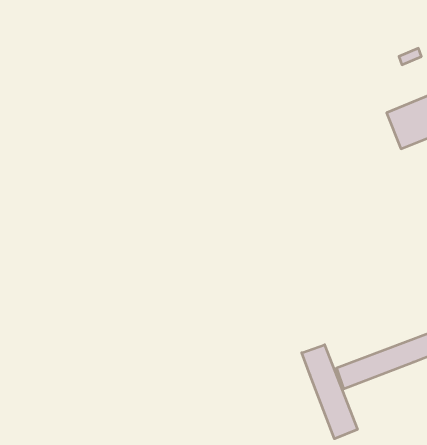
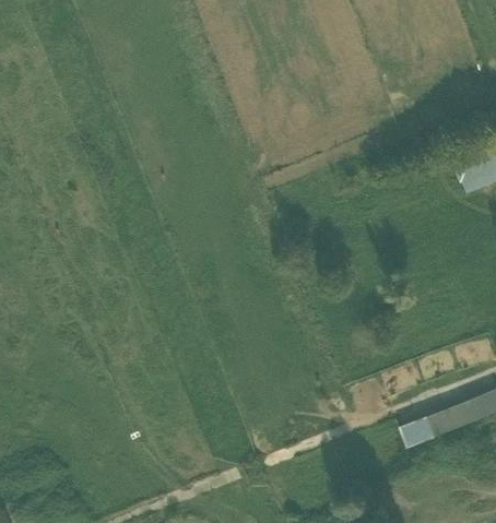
building: [302,345,357,439] -> none

